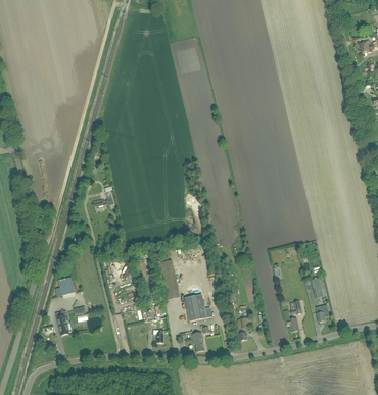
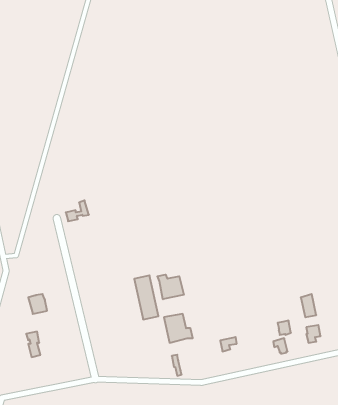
building: none -> [157,275,184,299]

